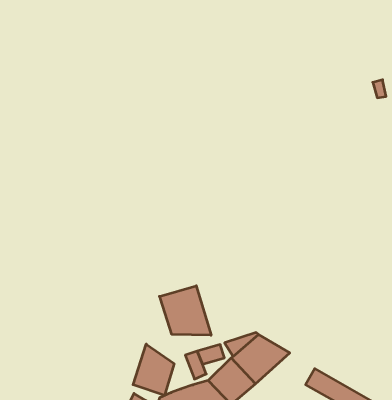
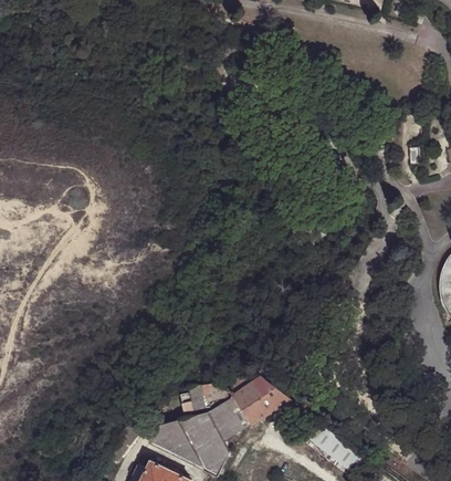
building: [159,286,211,335] -> none
building: [133,344,174,395] -> none

